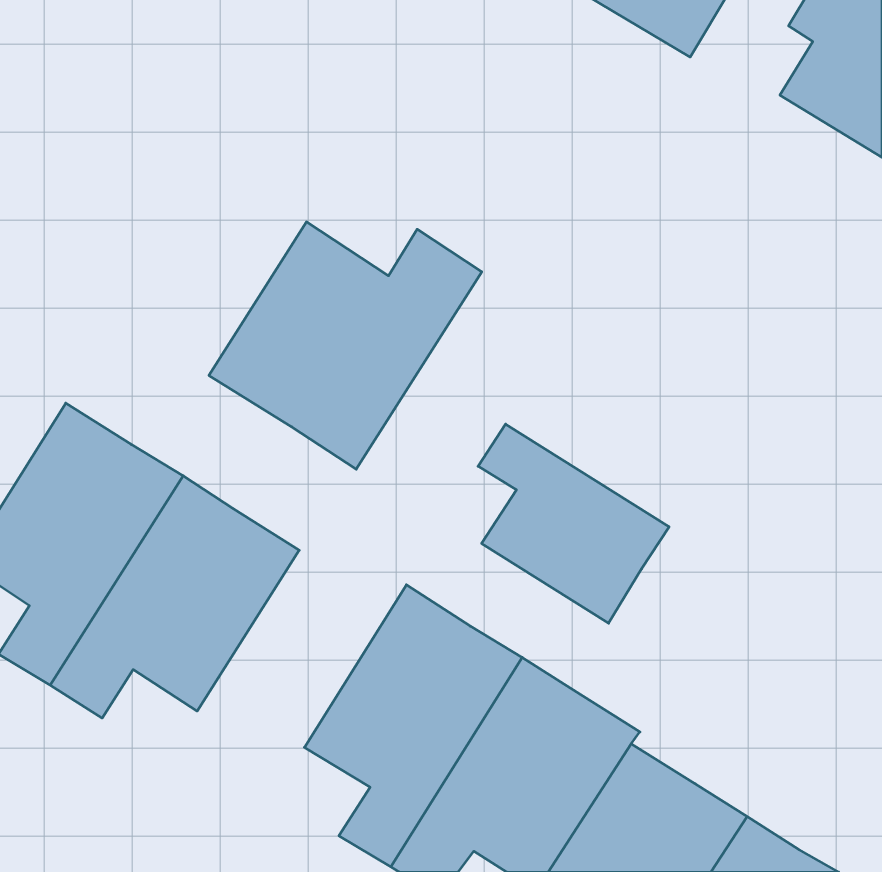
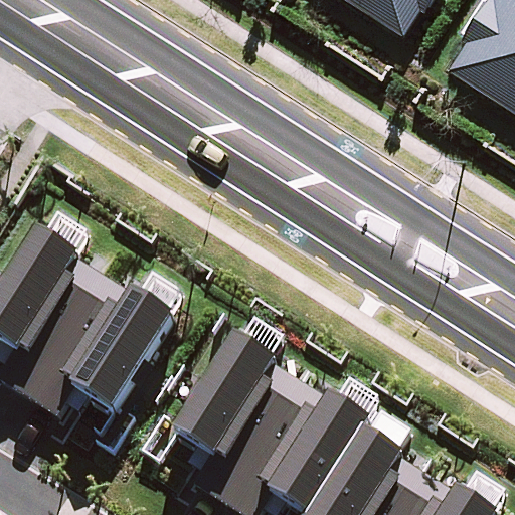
building: [209,222,482,469] -> none
building: [478,424,669,623] -> none

